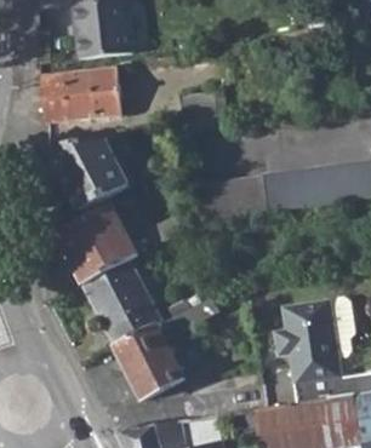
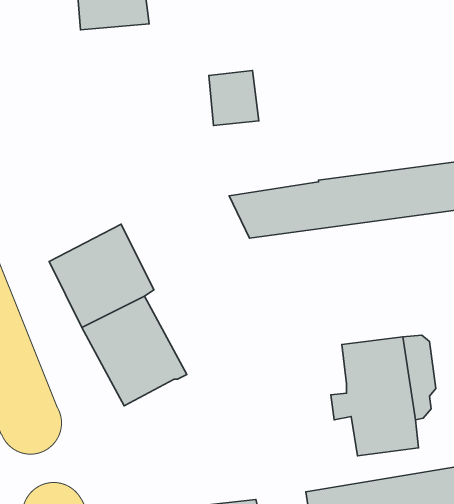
building: [41,63,124,121] -> none
building: [47,138,129,211] -> none
building: [115,295,218,400] -> none

